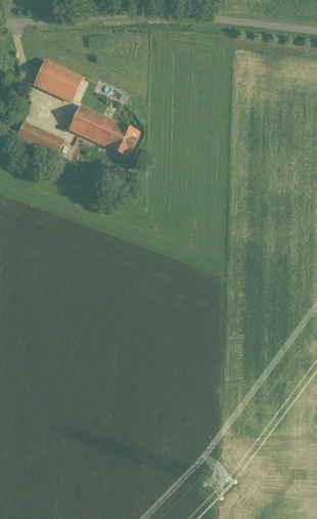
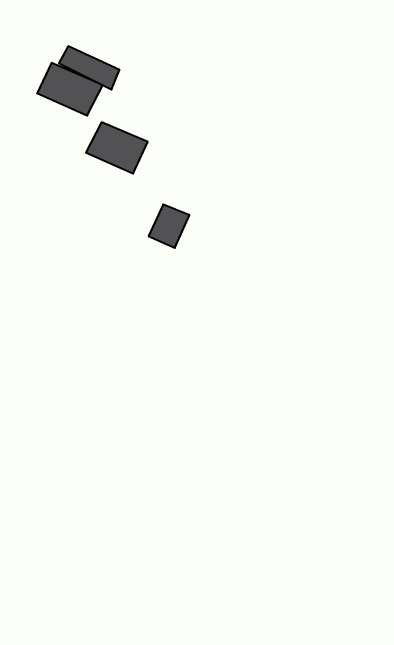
building: [14,120,61,154] -> [59,46,120,90]
building: [105,120,137,154] -> [149,204,189,248]

